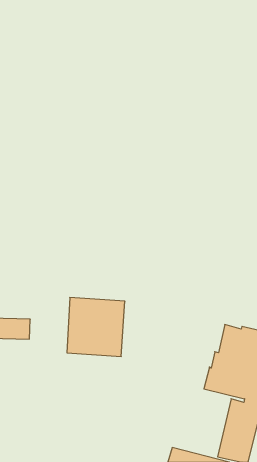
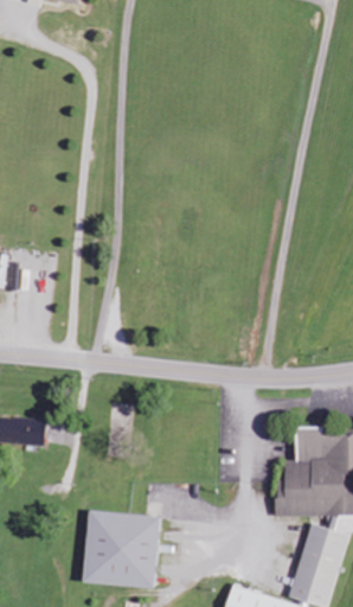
building: [67,298,125,356] -> [83,512,159,589]

